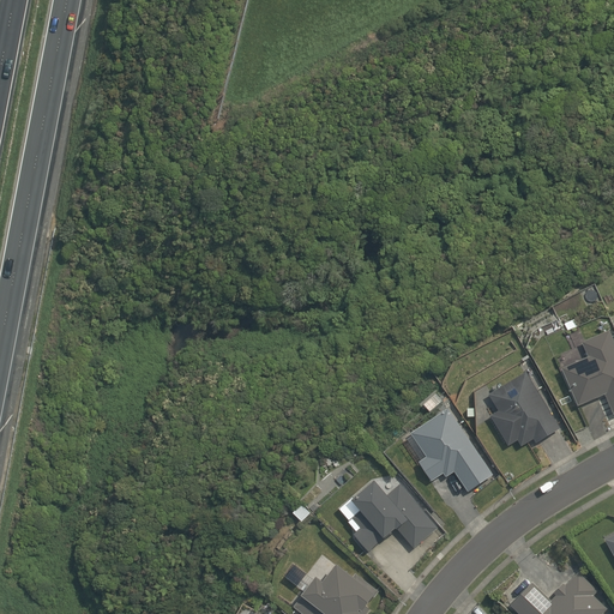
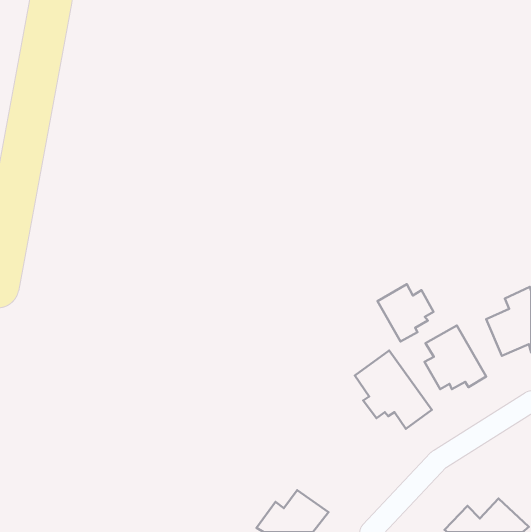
building: none -> [377,284,434,342]
building: [350,481,435,552] -> none

